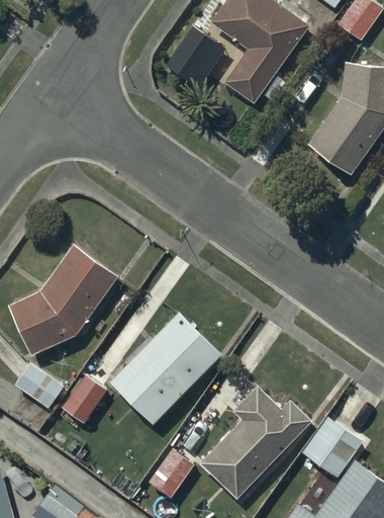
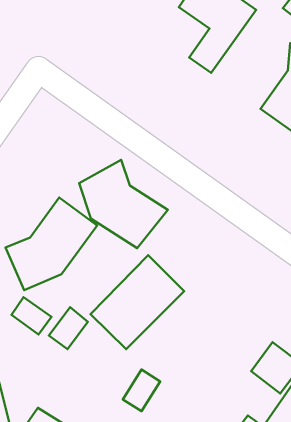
building: [166,25,224,85] -> none
building: none -> [79,160,168,248]
building: [200,388,311,500] -> none

